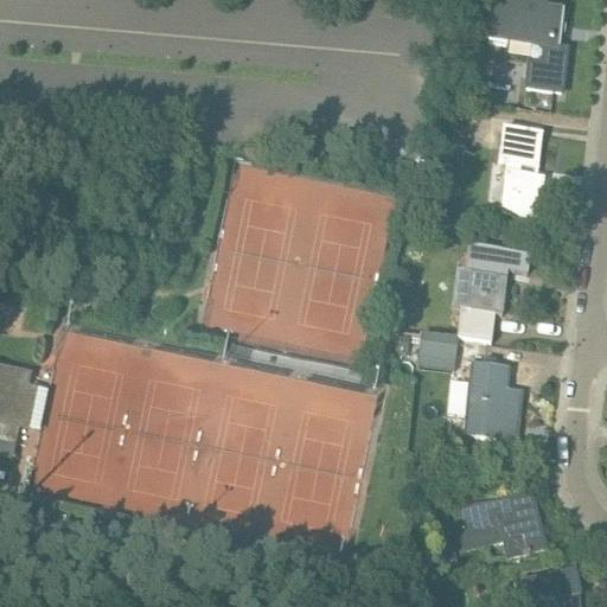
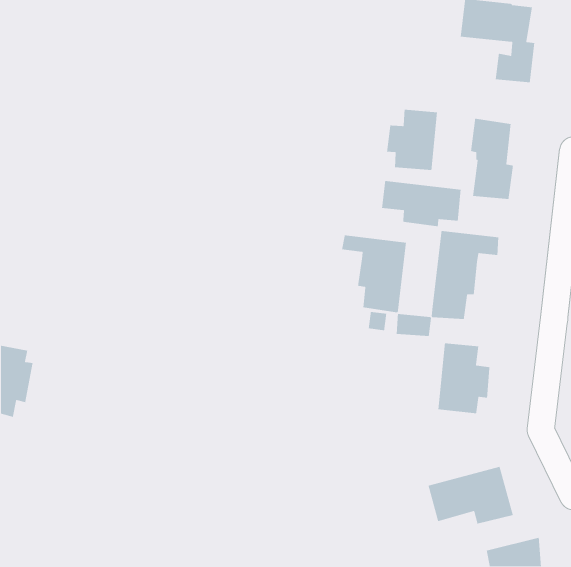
building: none -> [386,109,438,171]
building: none -> [381,180,462,227]
building: none -> [341,235,407,313]

